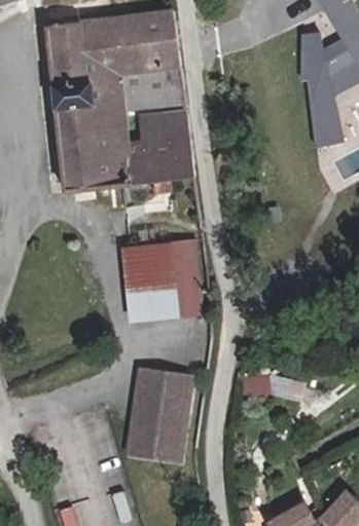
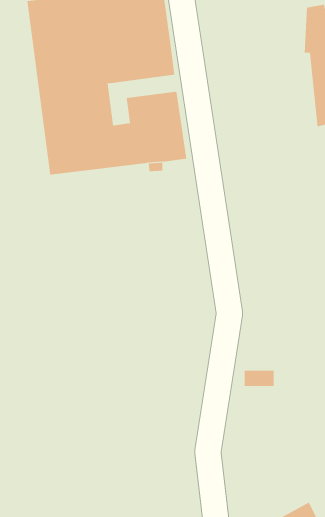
building: [118,240,194,318] -> none
building: [138,361,192,450] -> none

